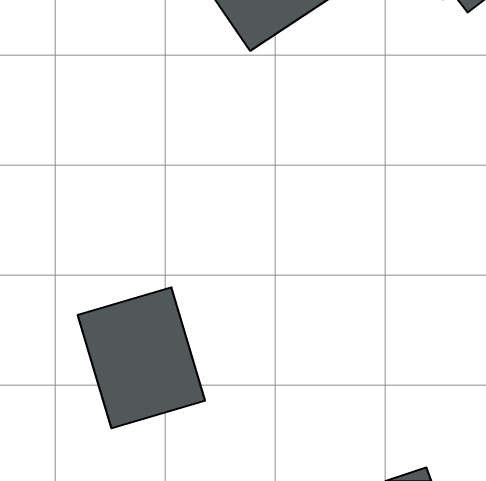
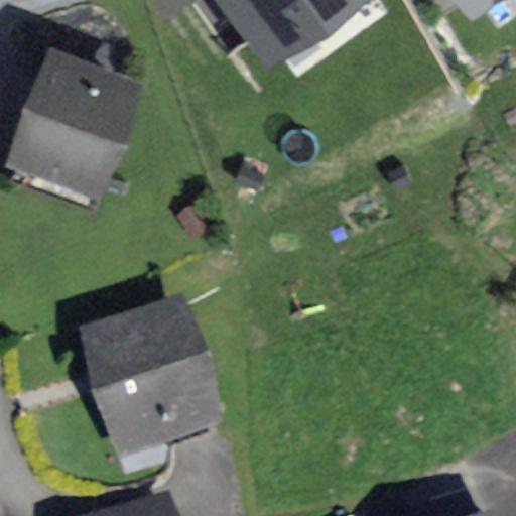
building: none -> [10,47,134,180]

